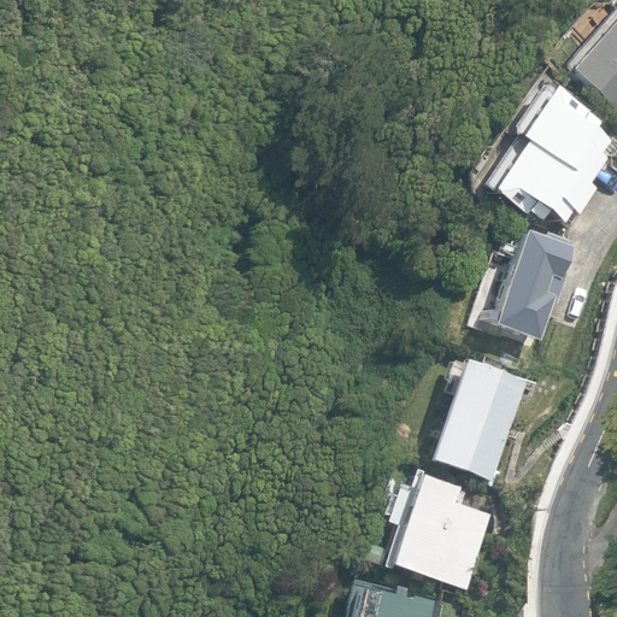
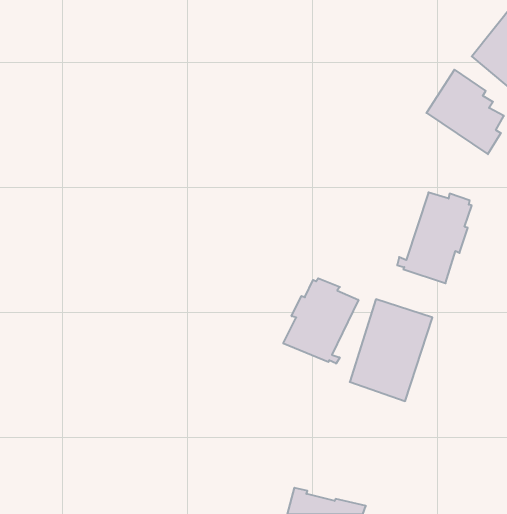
building: [492,140,598,228] -> none
building: none -> [283,278,358,364]
building: [370,475,494,589] -> none

